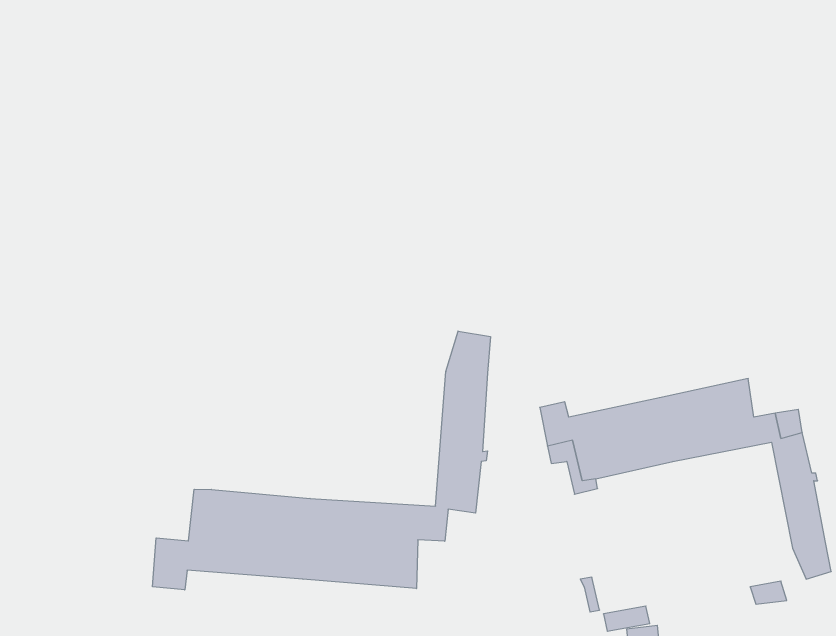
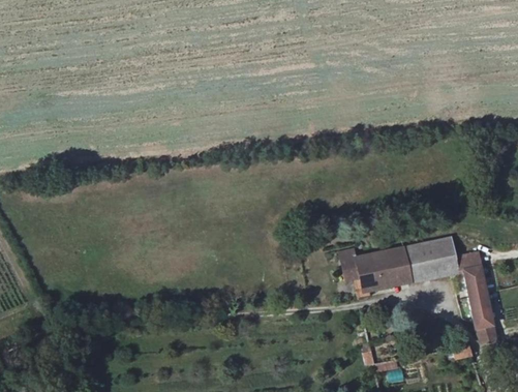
building: [153,331,490,590] -> none

